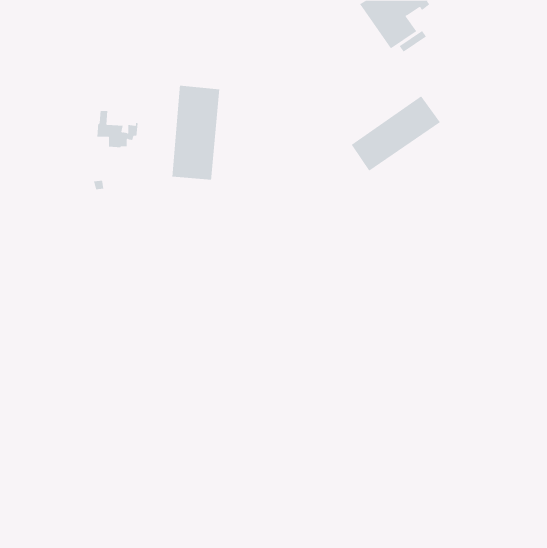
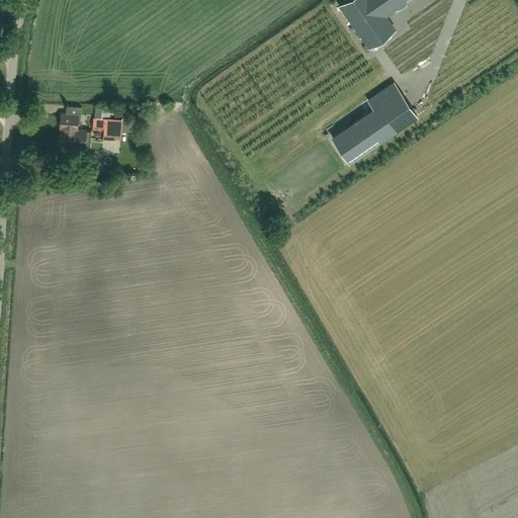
building: [172,85,220,180] -> none
building: none -> [58,111,90,146]

